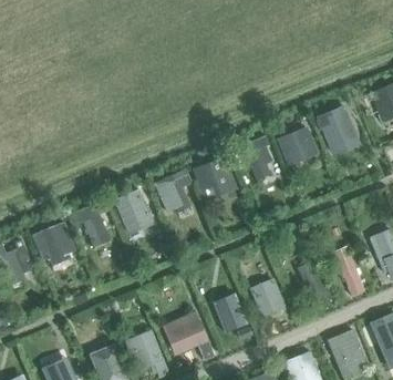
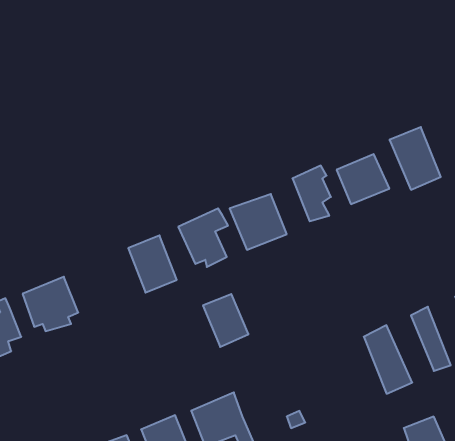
building: [69,204,110,247] -> none
building: [251,279,287,317] -> none
building: [213,291,248,332] -> [203,294,249,347]

